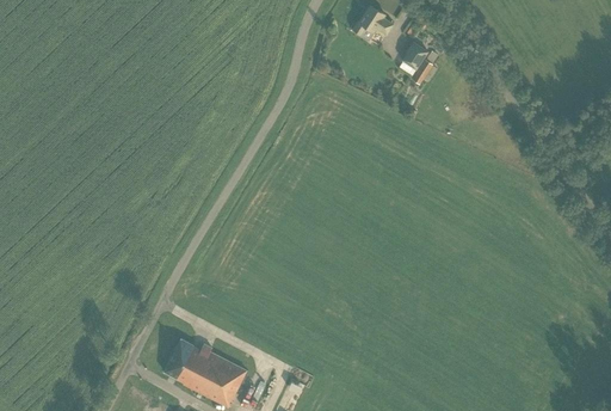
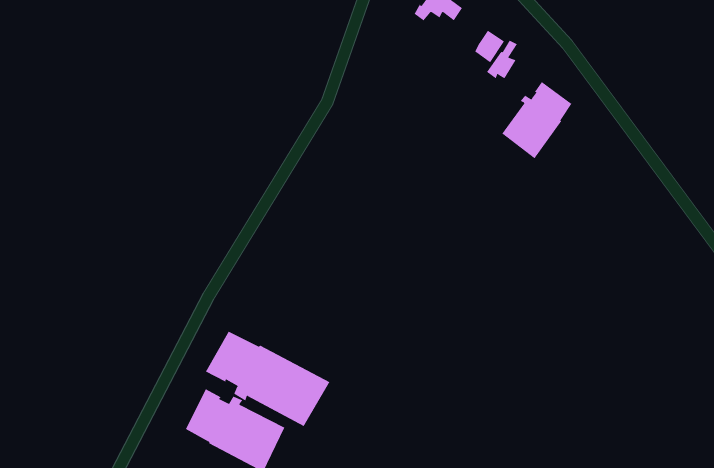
building: none -> [501,81,572,159]
building: none -> [205,331,330,427]

